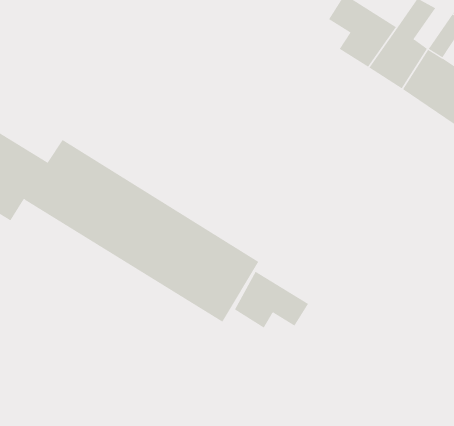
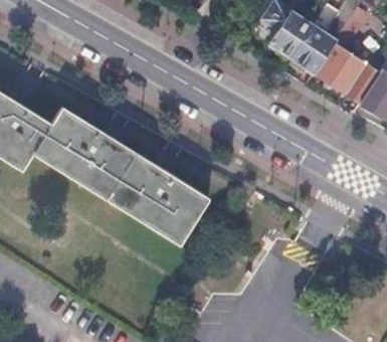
building: [234,271,309,328] -> none

